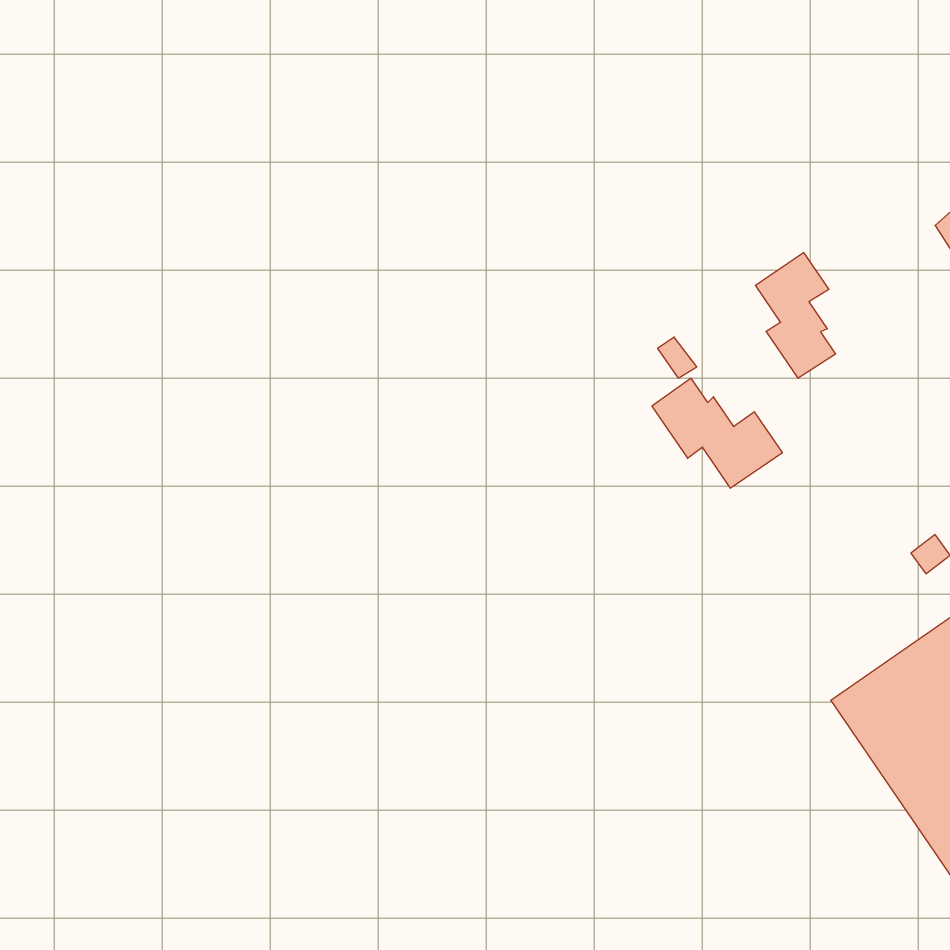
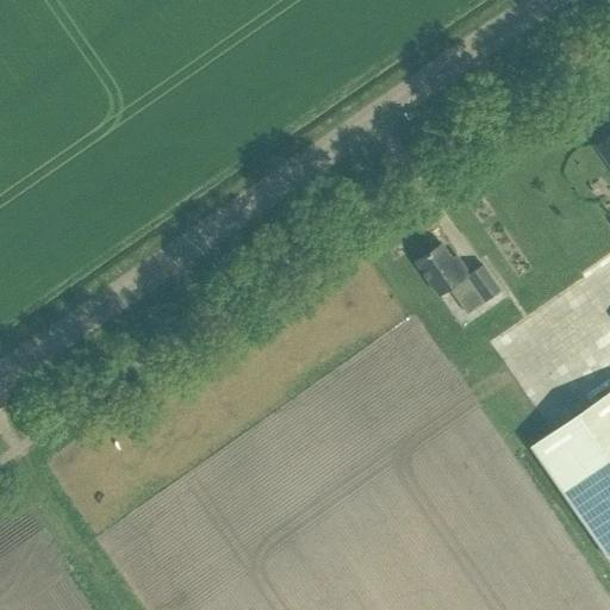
building: [755,252,835,378] -> none

